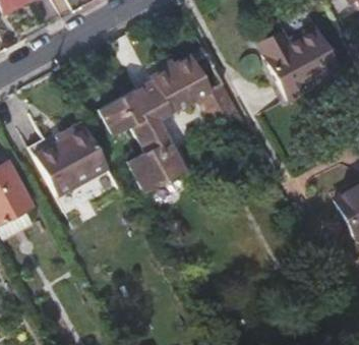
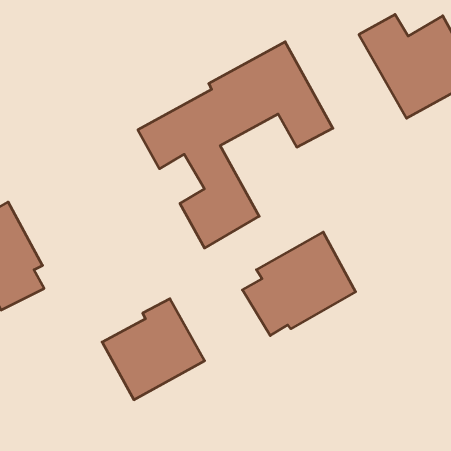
building: [37,123,109,194] -> [102,299,205,400]
building: none -> [242,232,356,336]

